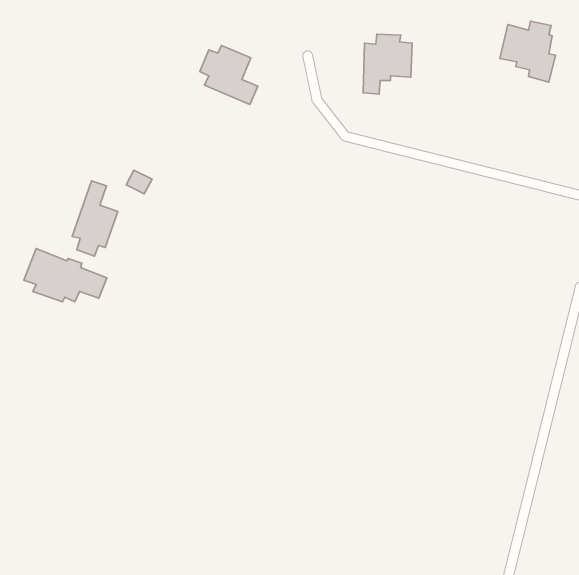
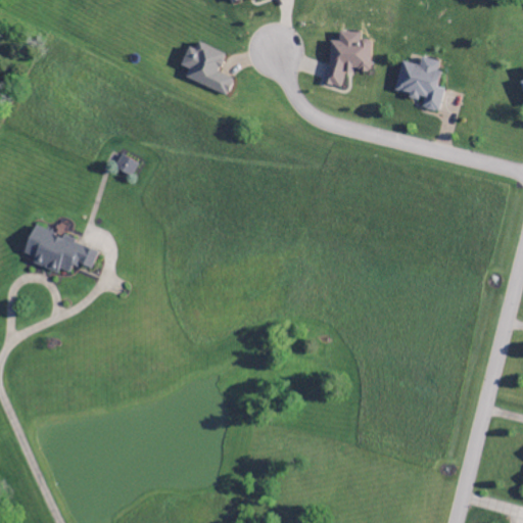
building: [500,21,556,82] -> [395,56,445,111]
building: [72,181,118,256] -> none

